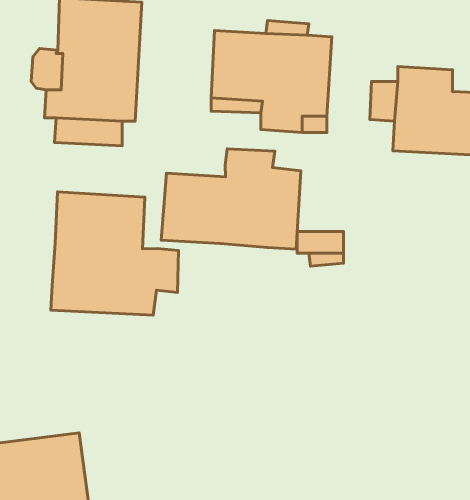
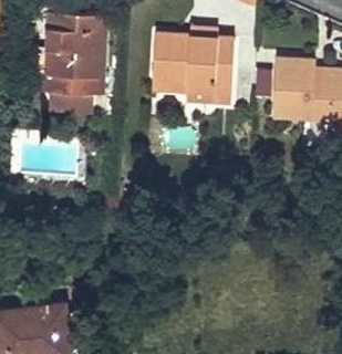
building: [161,149,301,249] -> none
building: [51,192,179,315] -> none

